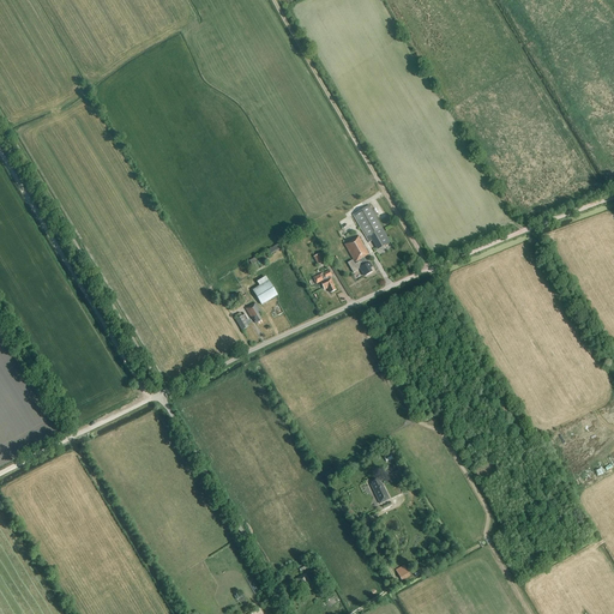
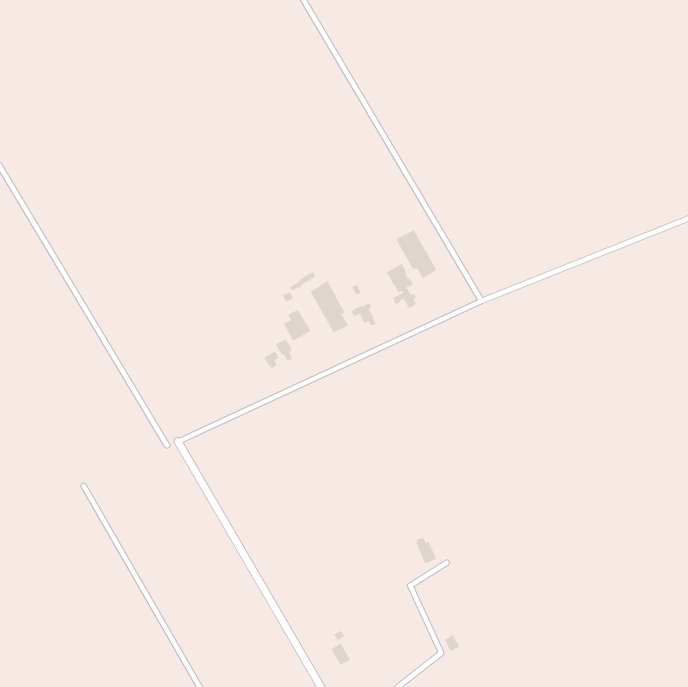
building: none -> [310,280,349,333]

